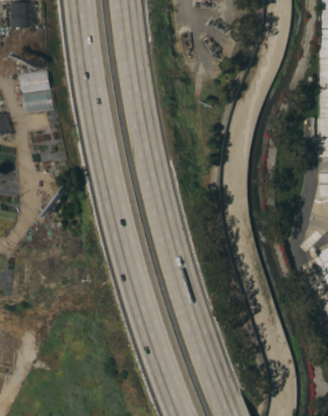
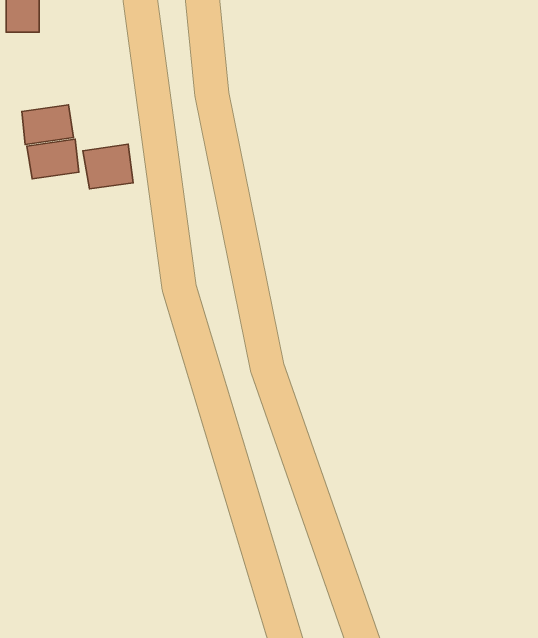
building: none -> [83,144,133,189]

